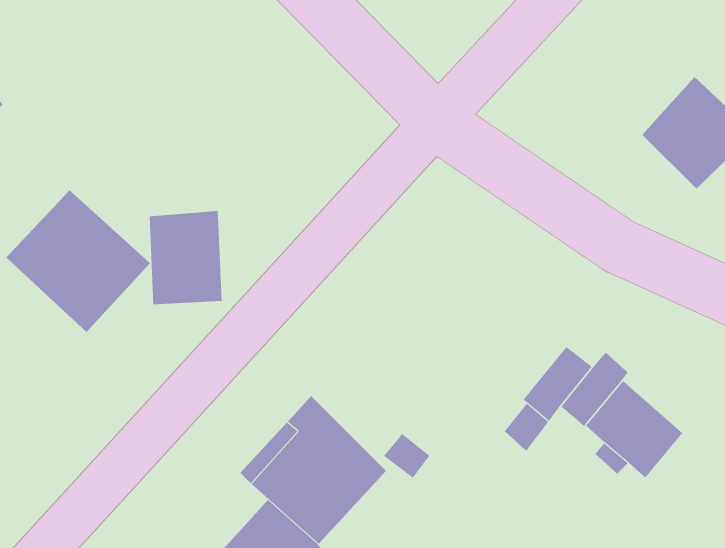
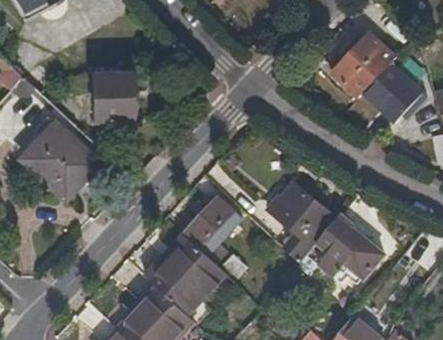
building: none -> [331,33,394,98]
building: [149,211,222,305] -> [92,66,131,117]
building: none -> [272,181,320,233]
building: none -> [188,195,238,244]

